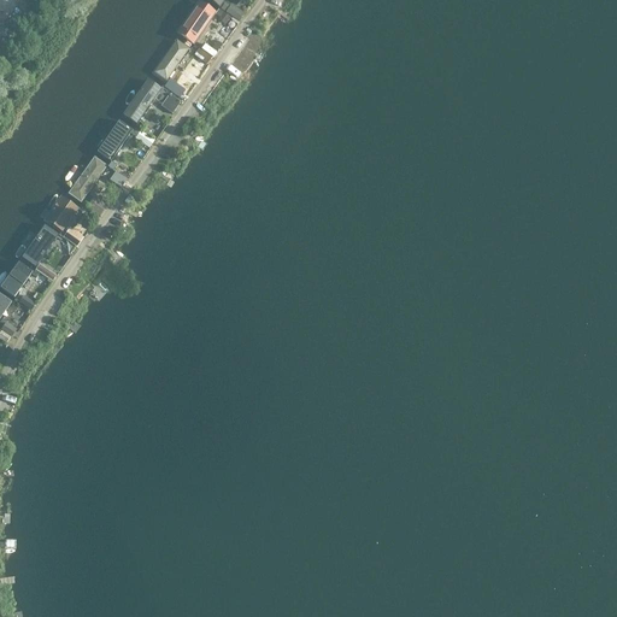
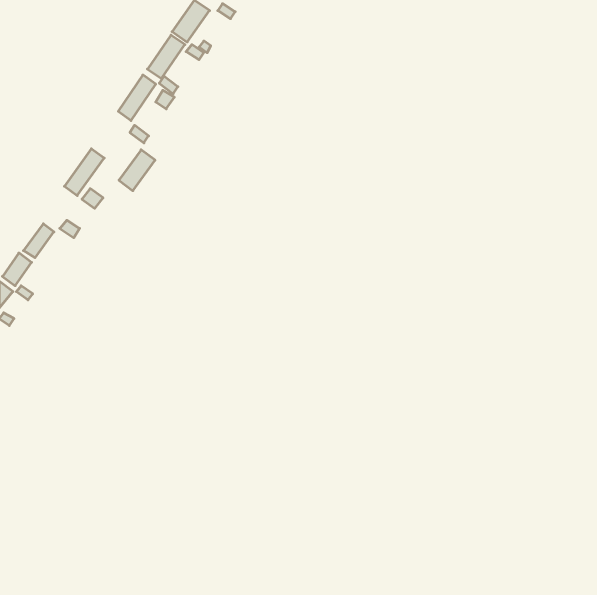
building: [95,117,133,159] -> [119,150,155,191]
building: [43,193,80,231] -> none

